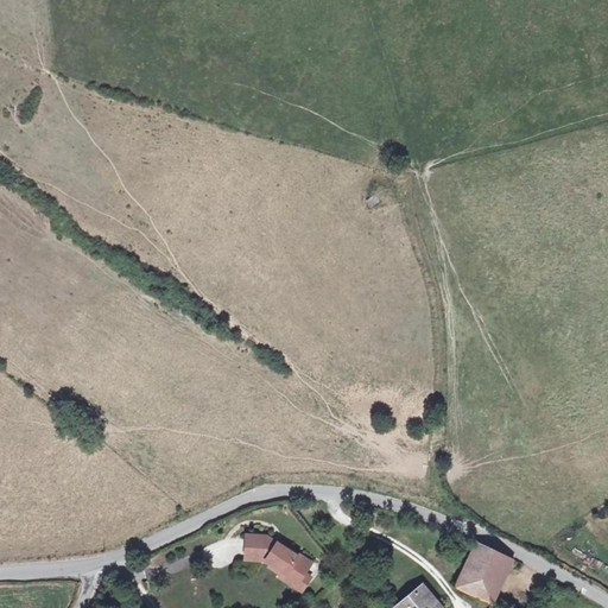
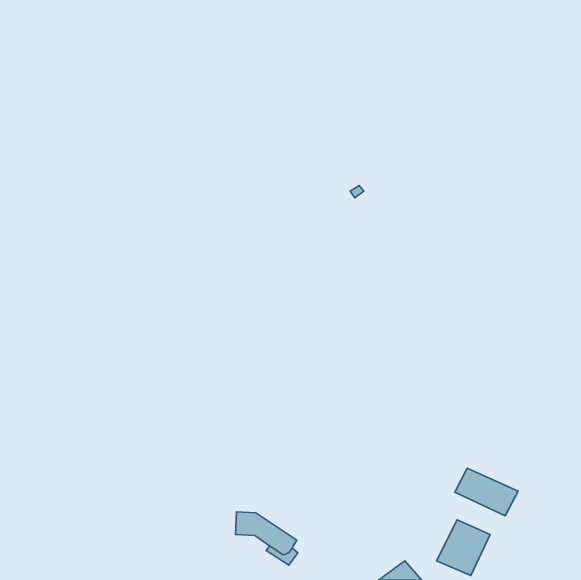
building: none -> [455,468,518,516]

